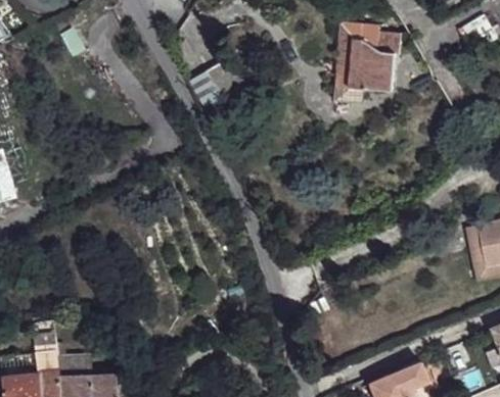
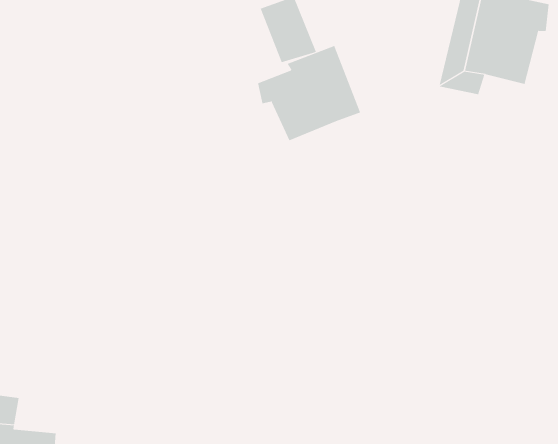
building: none -> [257,45,361,141]

